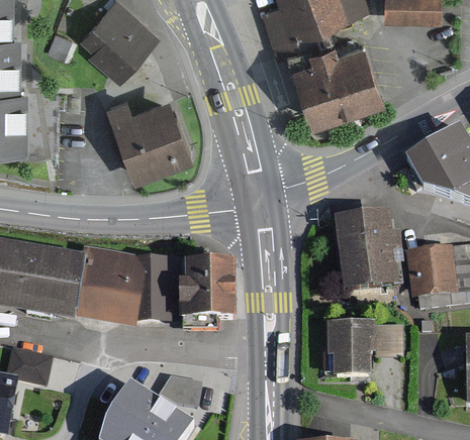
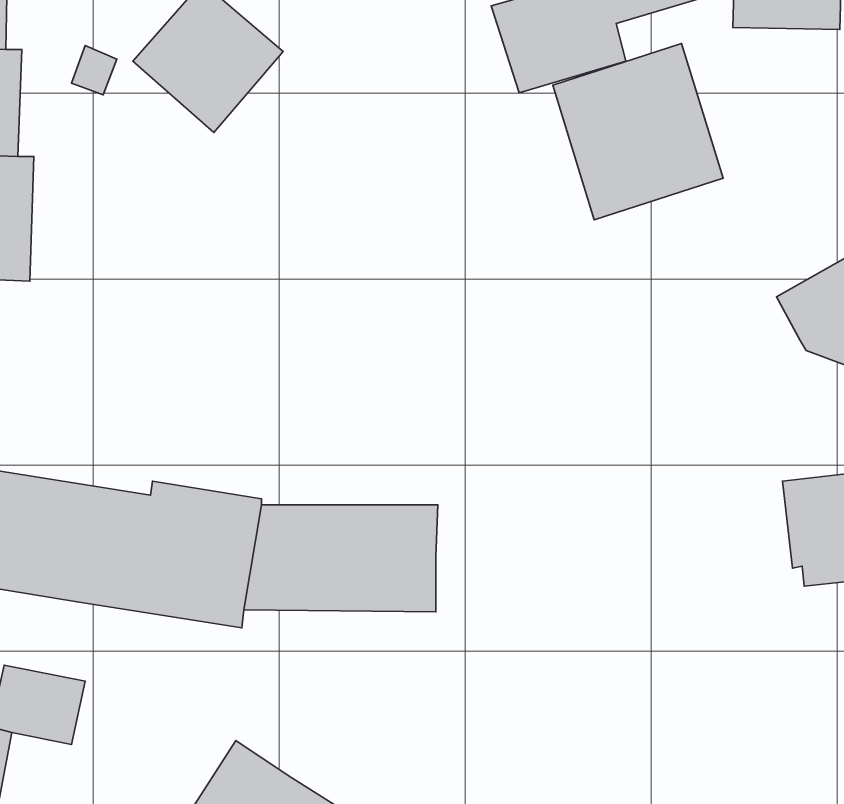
building: [105,95,192,178] -> none
building: [334,213,405,291] -> none
building: [330,322,403,374] -> none
building: [157,377,202,407] -> none

